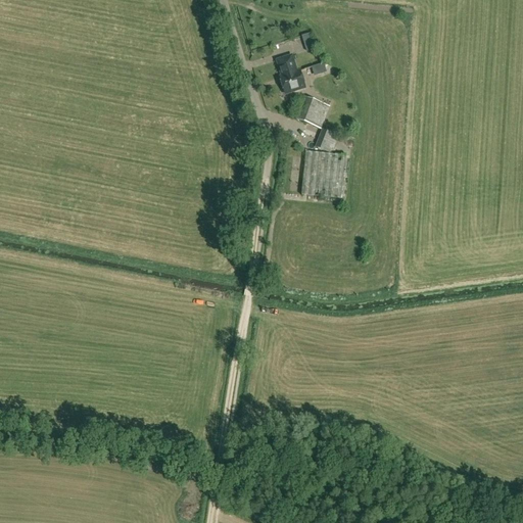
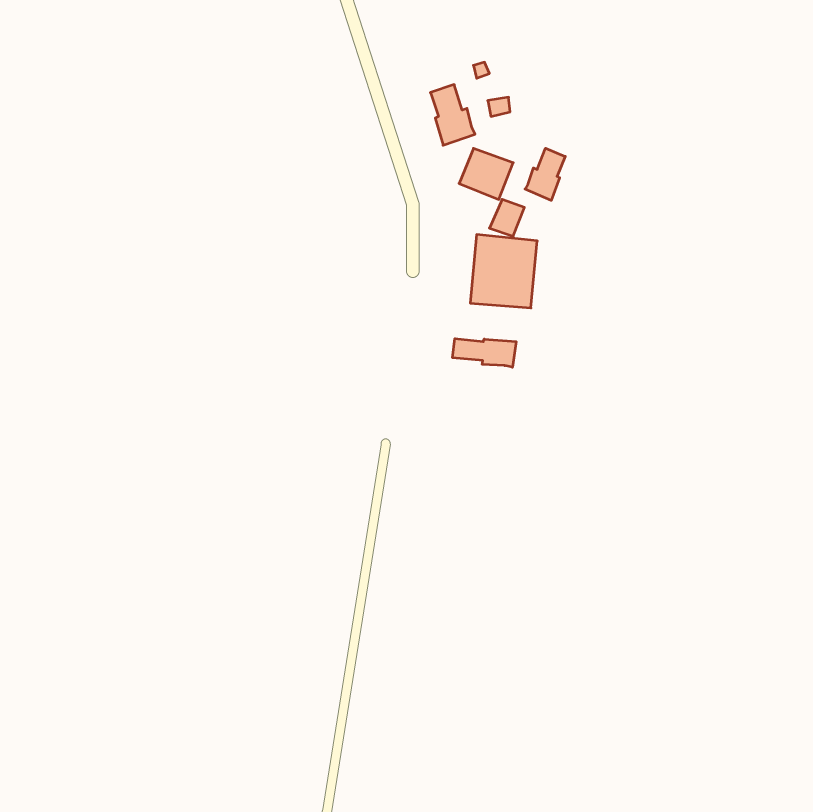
building: none -> [525,148,565,200]
building: none -> [453,339,516,367]

